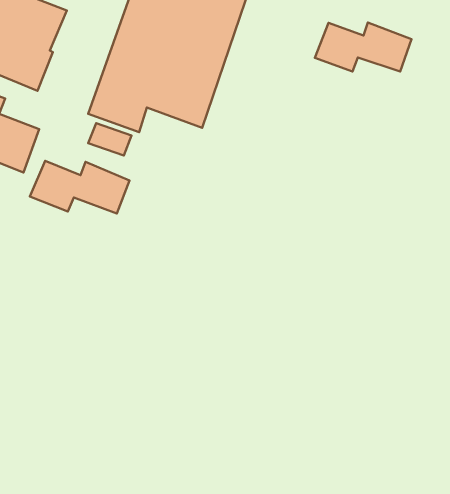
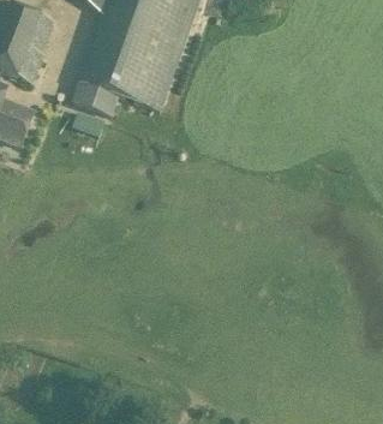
building: [315,22,411,71] -> none
building: [30,161,130,213] -> none

